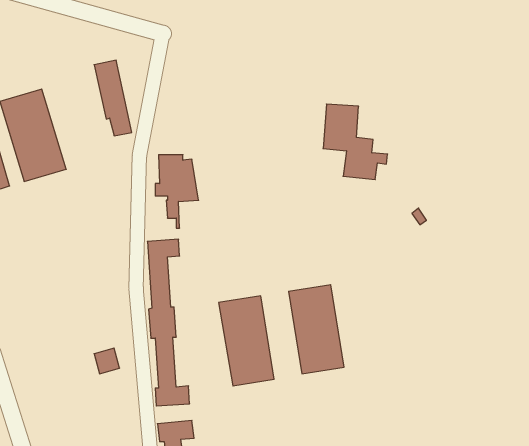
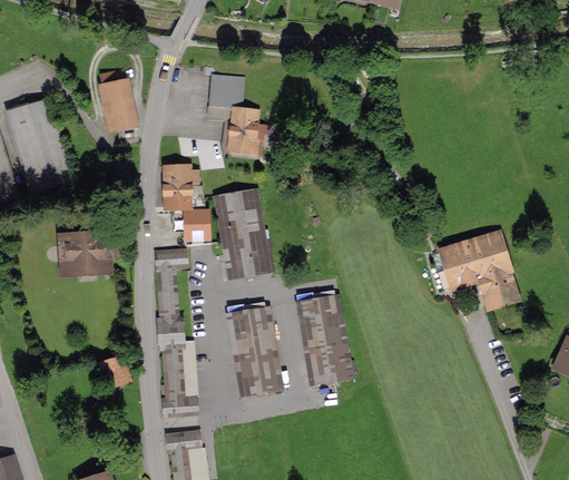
building: [323,104,388,180] -> [209,74,274,149]
building: none -> [215,187,272,277]
building: none -> [187,209,207,237]
building: none -> [433,233,518,304]
building: none -> [66,234,107,270]

